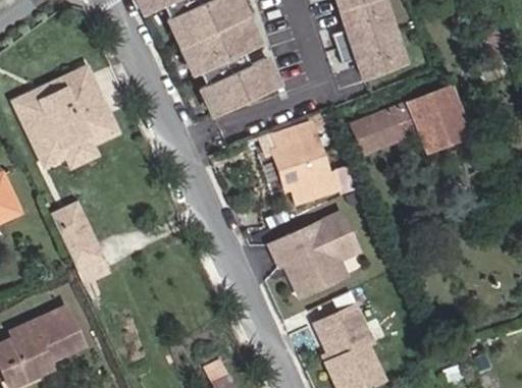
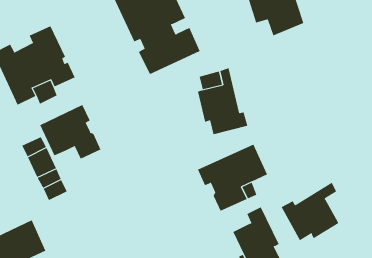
building: [351,86,469,154] -> none
building: none -> [40,104,101,160]
building: none -> [281,182,339,241]

